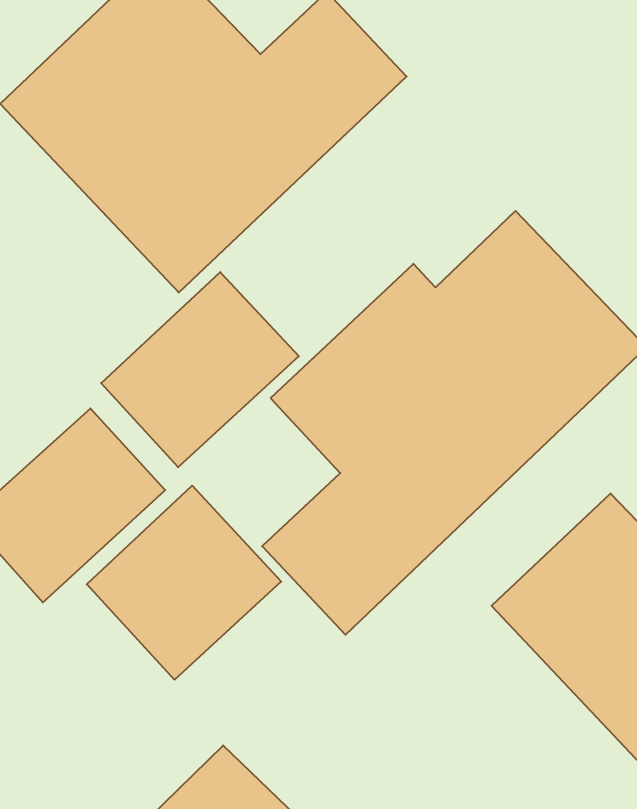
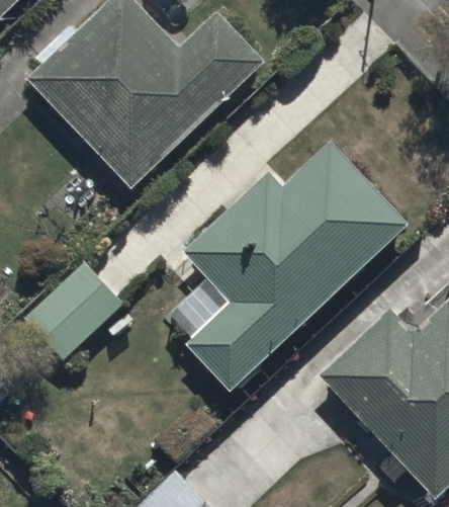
building: [101,272,299,467] -> none
building: [87,486,281,680] -> none

